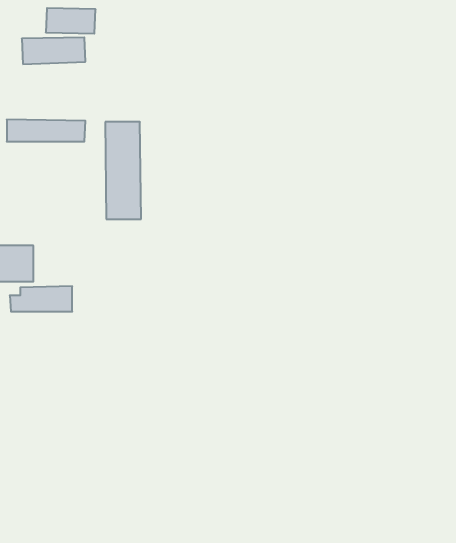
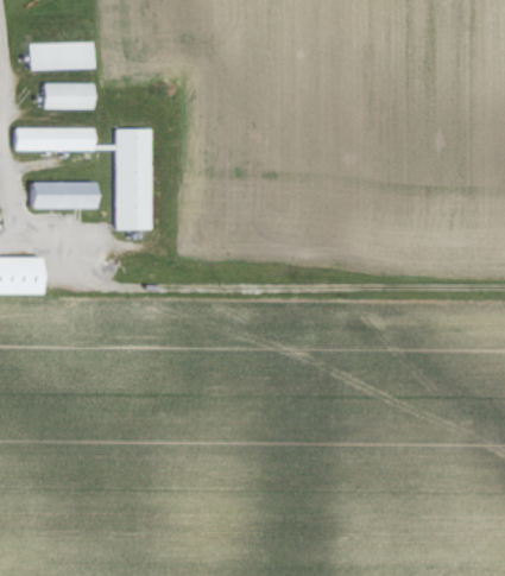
building: [46,8,96,34] -> [44,83,95,109]
building: [10,286,72,312] -> [32,182,96,208]

